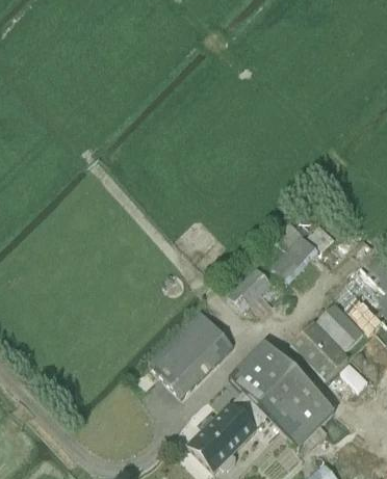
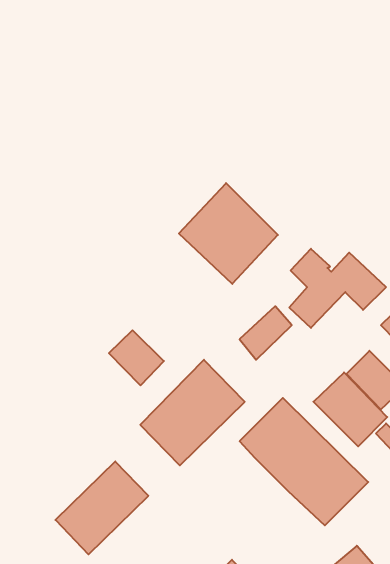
building: none -> [179,183,278,284]
building: none -> [109,330,164,385]
building: [189,394,265,470] -> [55,461,148,554]

